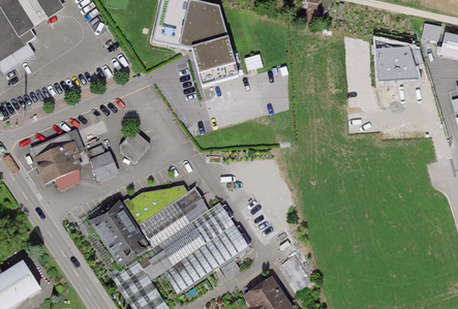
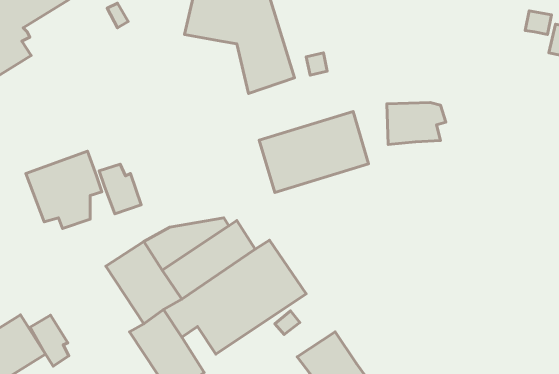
building: [376,50,423,83] -> [387,103,446,144]
building: none -> [259,111,368,192]
building: [121,129,152,161] -> none
building: none -> [30,315,69,366]

